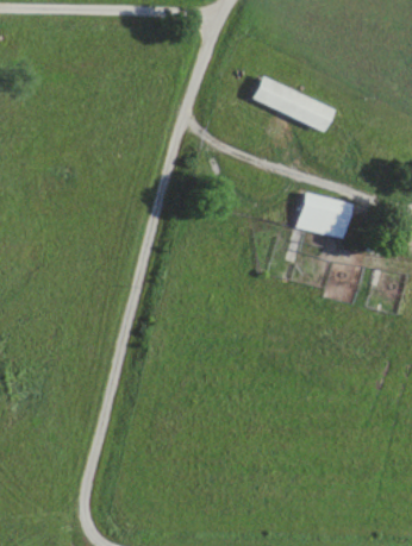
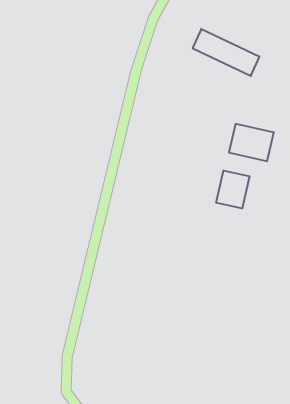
building: none -> [216,170,249,208]

